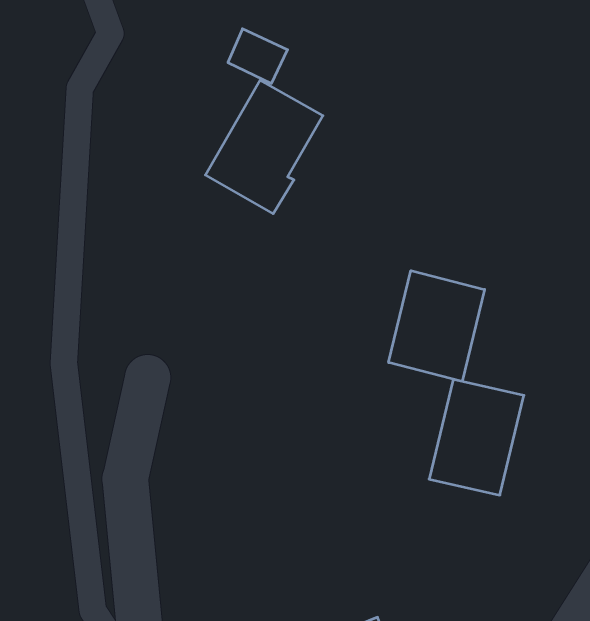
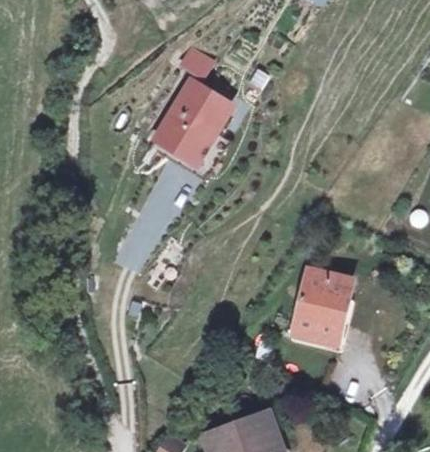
building: [389,271,485,381] -> none

